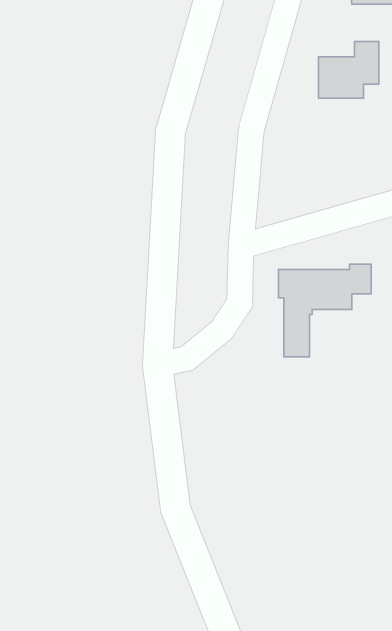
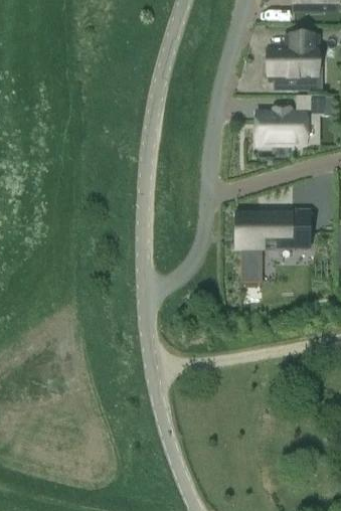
building: none -> [255,98,323,148]

